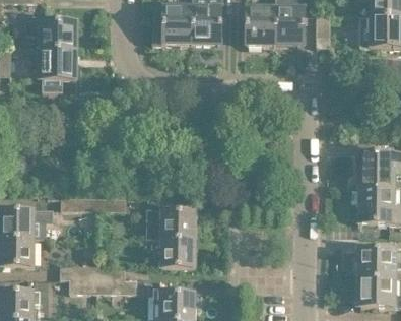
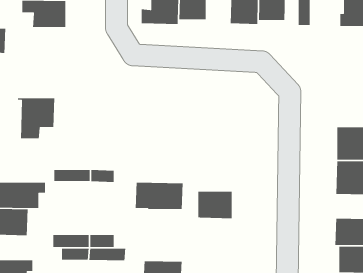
building: [38,49,77,92] -> [17,98,55,139]
building: [158,240,195,269] -> [198,191,233,219]

